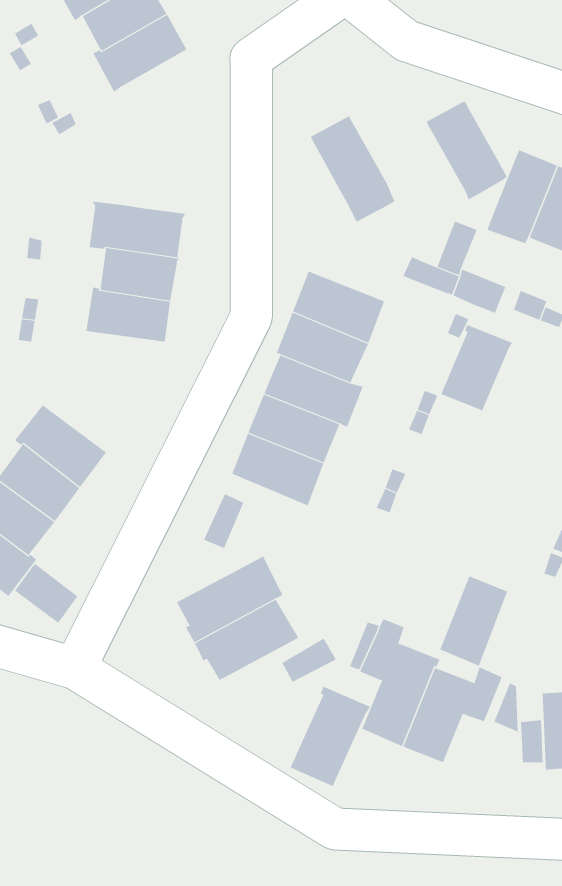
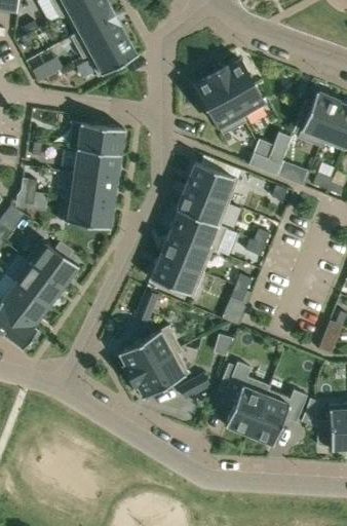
building: none -> [86,34,137,77]
building: [425,100,507,200] -> [218,60,265,117]
building: [440,324,513,411] -> none
building: none -> [61,196,112,228]
building: [15,563,78,623] -> none
building: [439,575,508,666] -> none
building: [290,686,371,787] -> none

